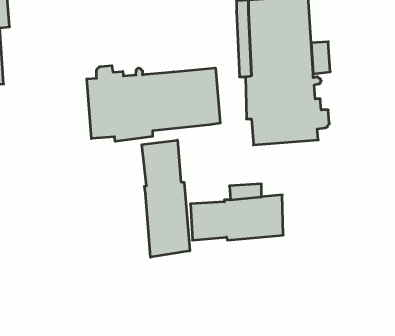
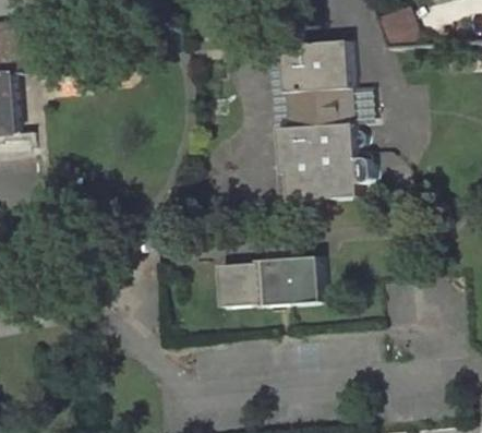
building: [87,66,220,141] -> none
building: [142,140,190,257] -> none

